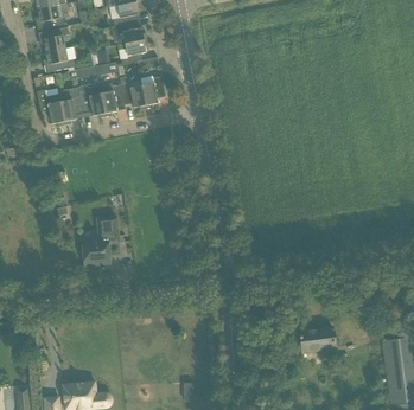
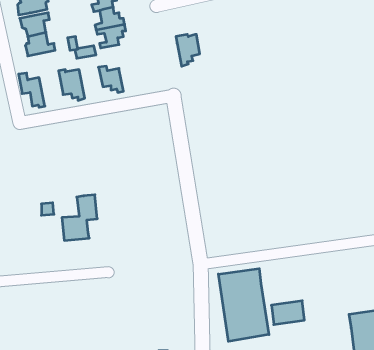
building: [140,75,165,108] -> [176,34,200,66]
building: [100,83,125,115] -> none
building: [57,87,83,123] -> none
building: none -> [218,269,269,341]

